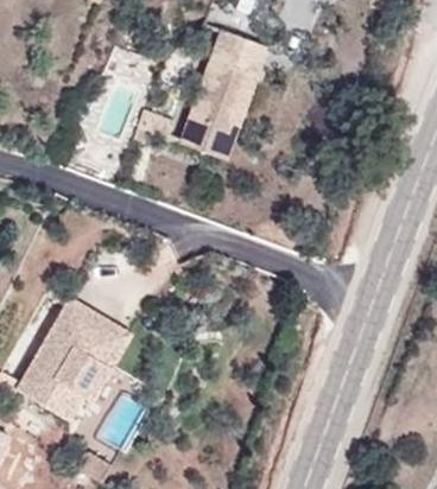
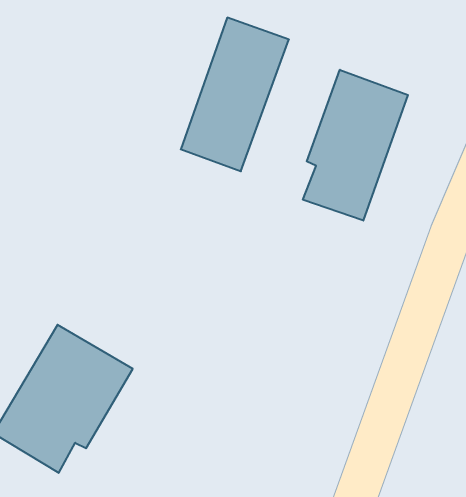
building: none -> [303,70,408,221]

